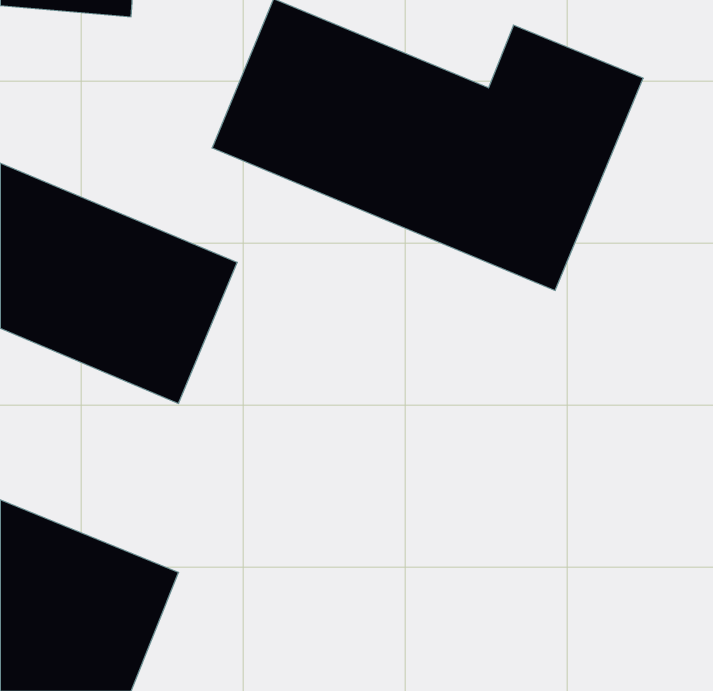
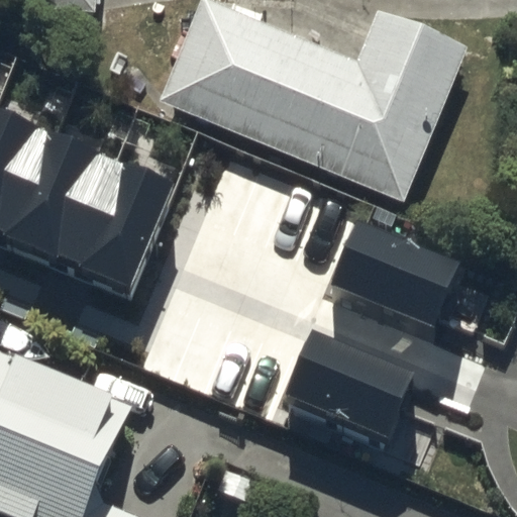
building: none -> [333,231,461,335]
building: none -> [289,340,414,443]

